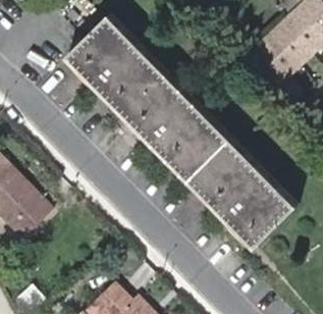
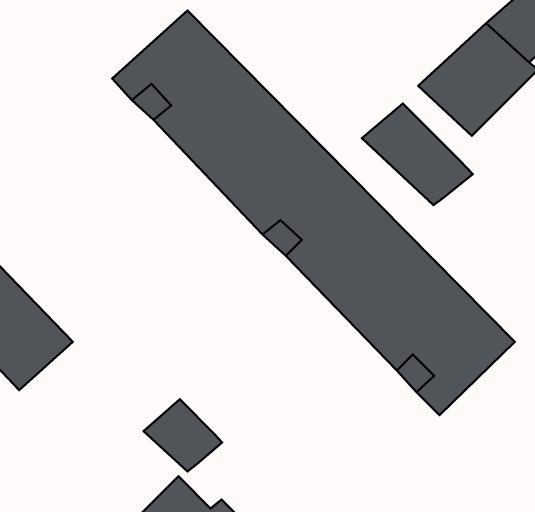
building: none -> [362,104,473,205]
building: none -> [144,399,222,472]

